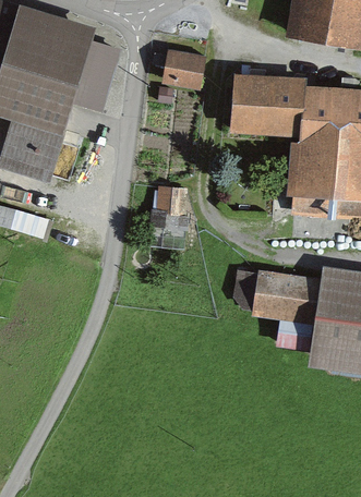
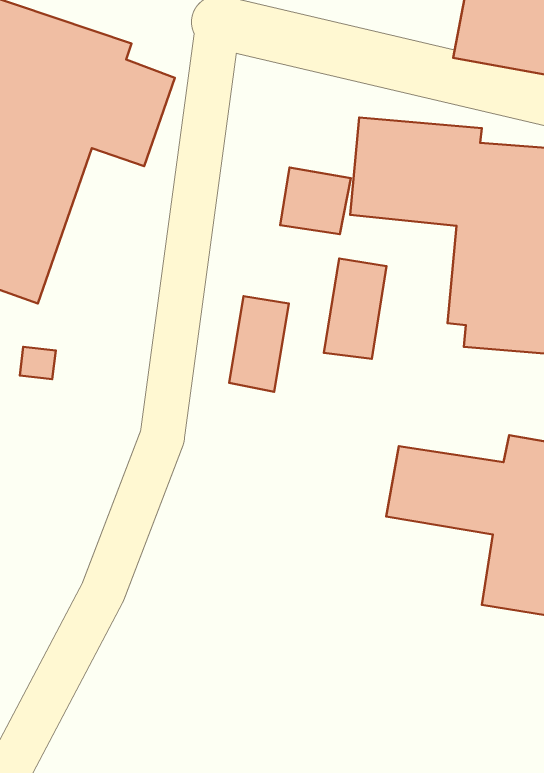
building: [164,48,206,88] -> [280,167,351,234]
building: none -> [324,258,387,359]

